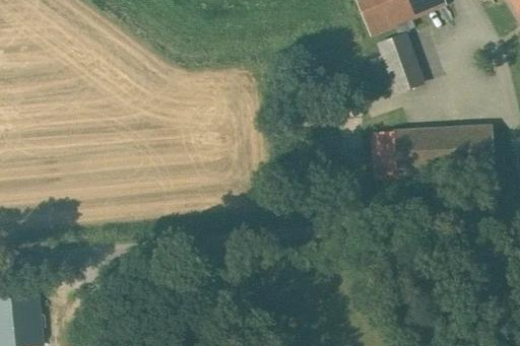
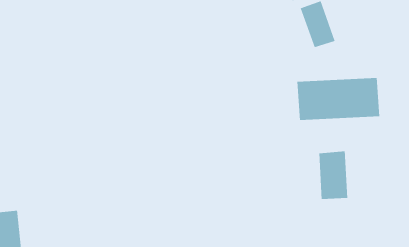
building: [472,124,494,171] -> none
building: none -> [319,151,348,200]

